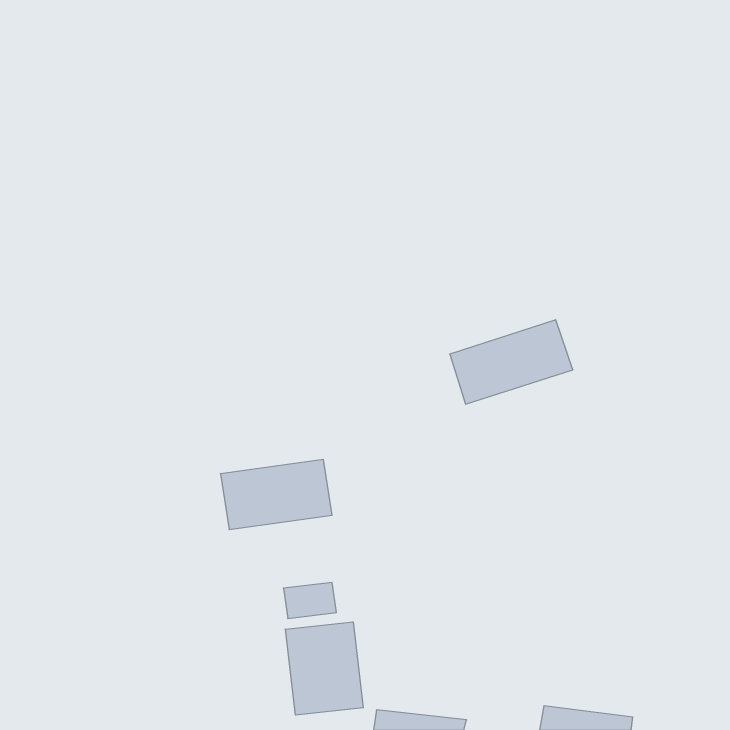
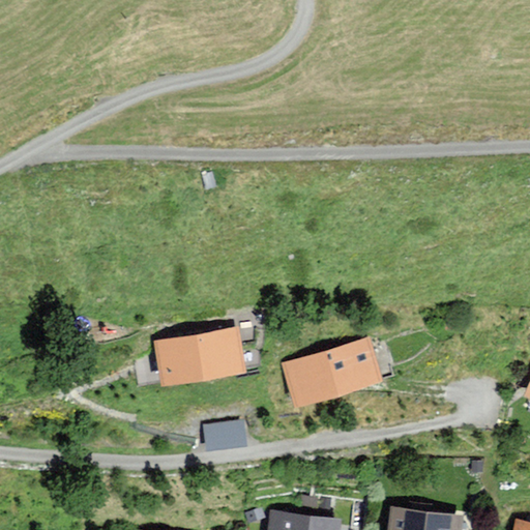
building: [450,320,573,404] -> [288,342,377,403]
building: [285,622,363,715] -> none

